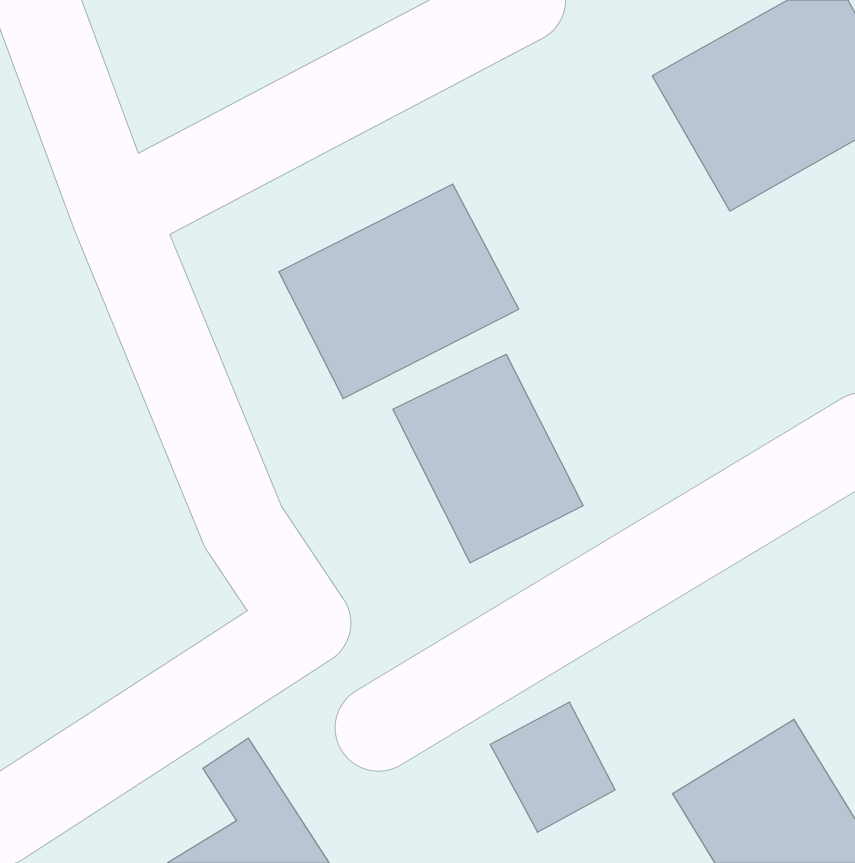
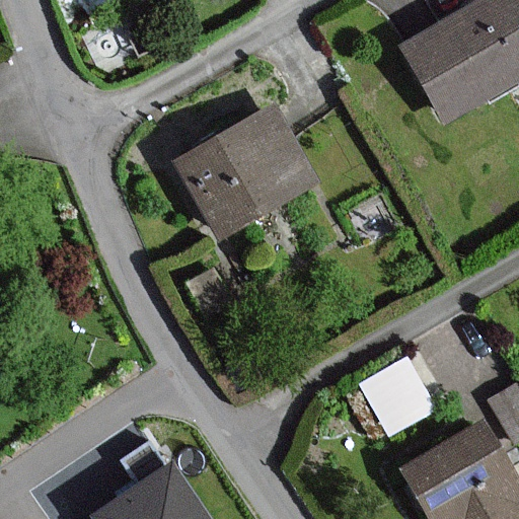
building: [393,354,583,563] -> none
building: [490,702,615,832] -> [362,348,437,426]

